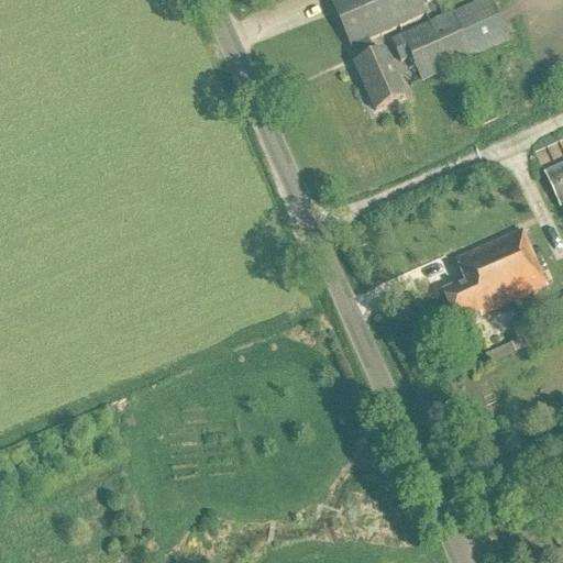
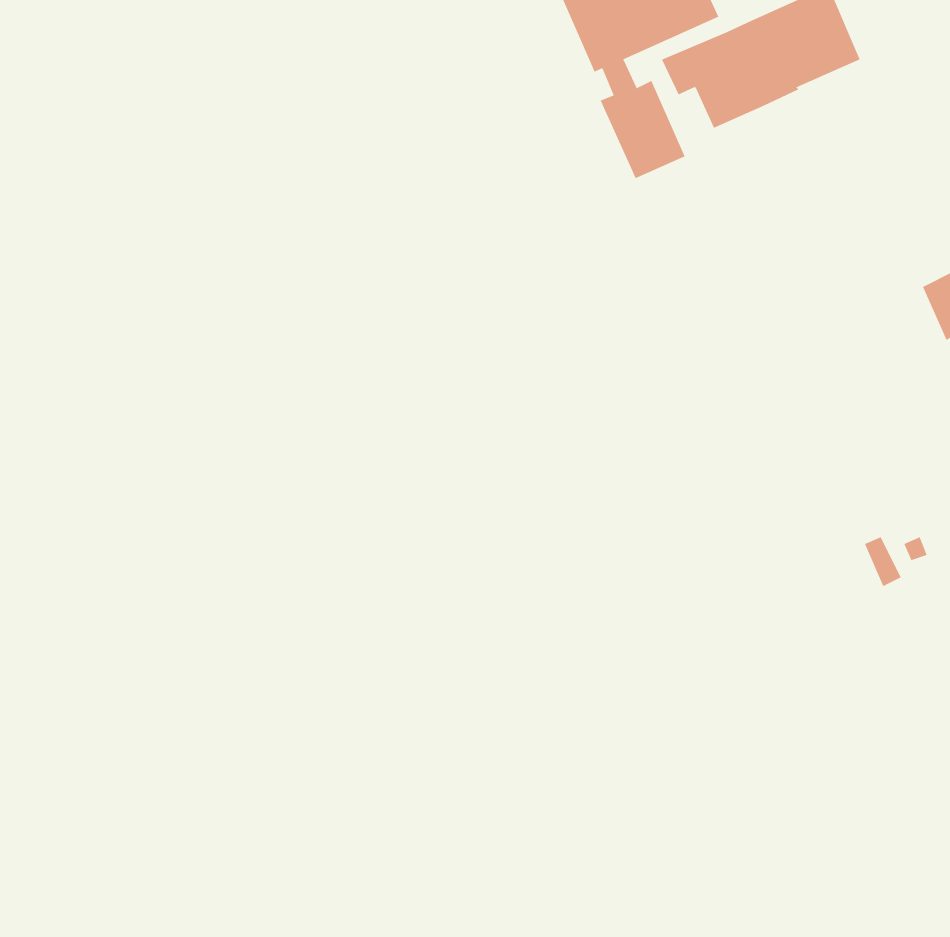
building: [442,227,548,319] -> none

